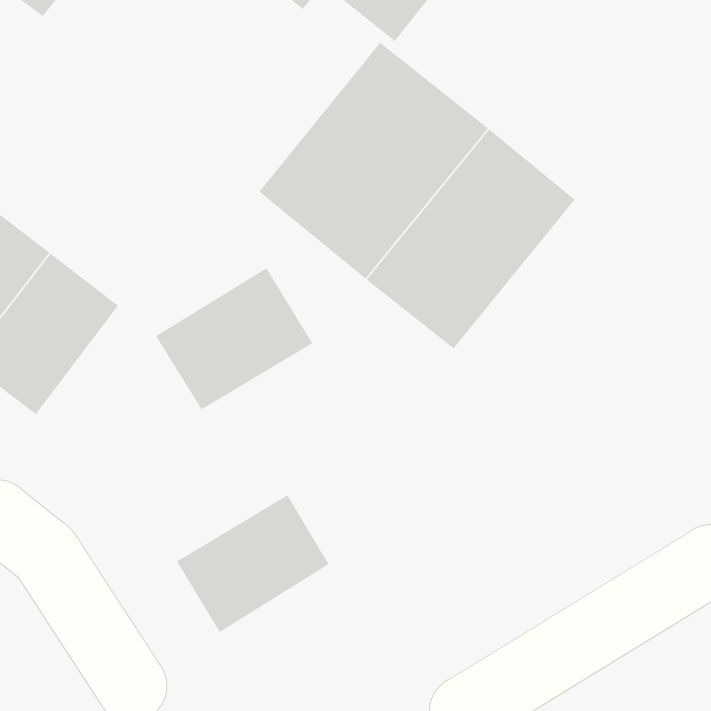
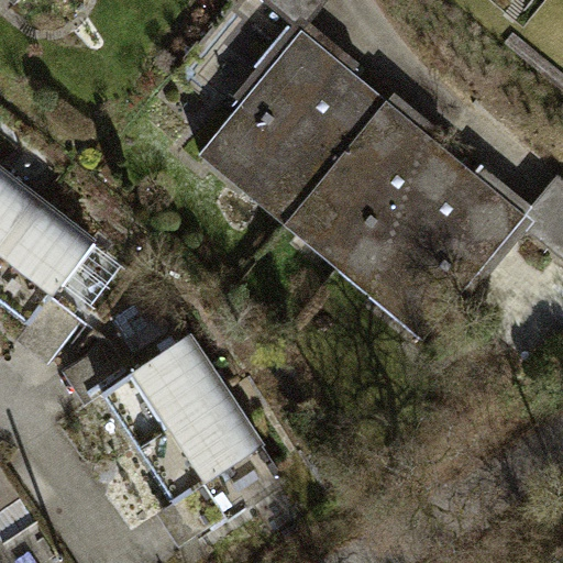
building: none -> [357,157,523,332]
building: [155,268,313,410] -> [102,330,227,442]

